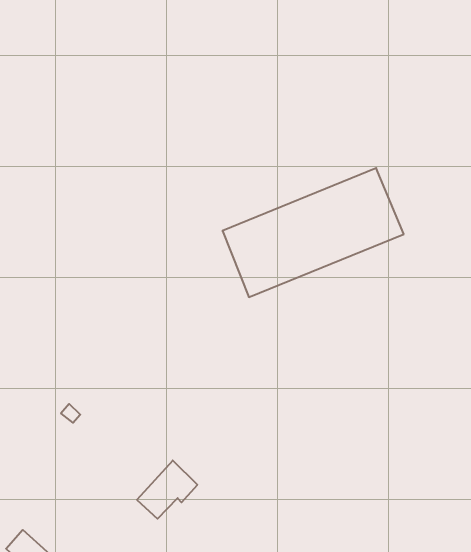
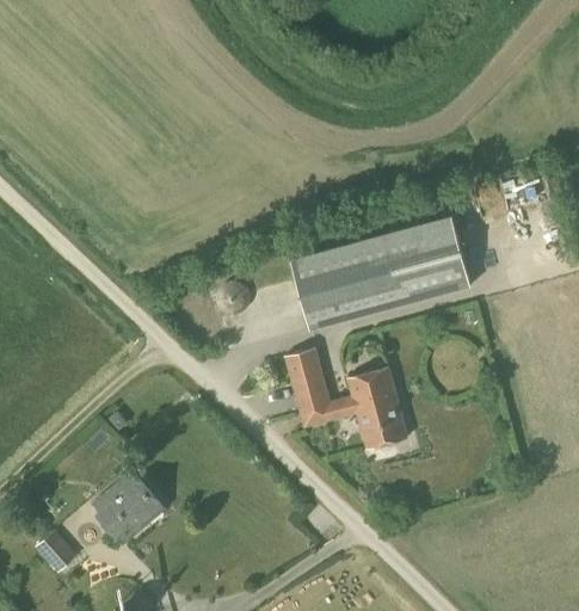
building: none -> [284,346,406,446]
building: [137,460,197,519] -> [98,480,160,536]

